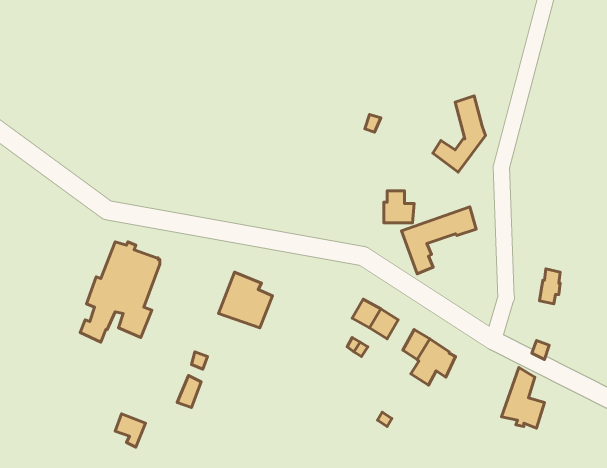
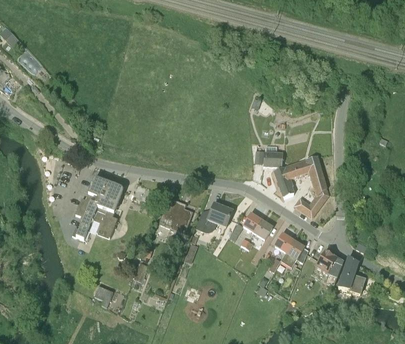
building: [433,96,485,172] -> [295,169,328,217]
building: none -> [195,202,232,232]
building: none -> [311,250,343,285]

